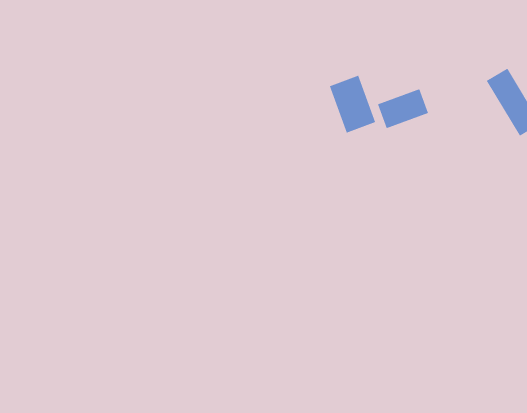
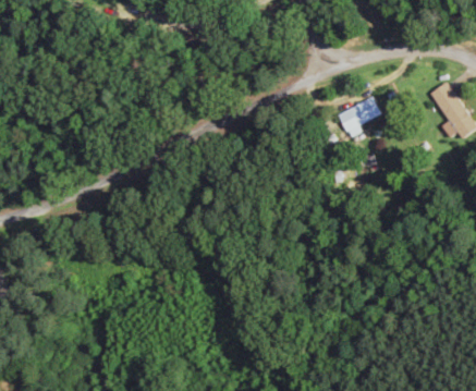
building: [329,75,376,133] -> none

